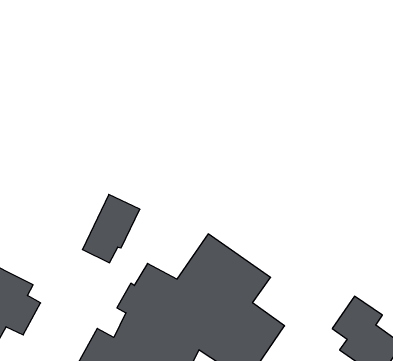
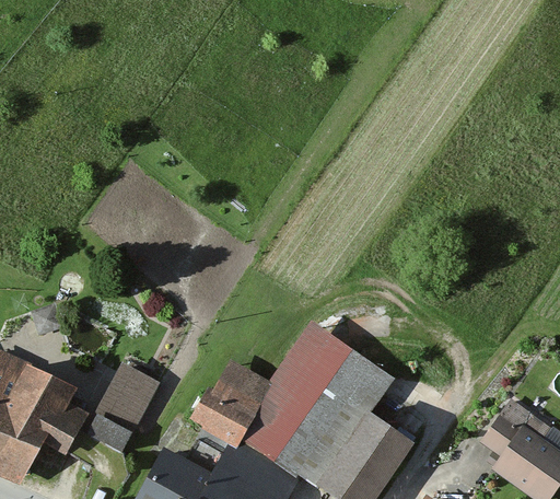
building: [82,194,140,263] -> [81,369,158,460]

